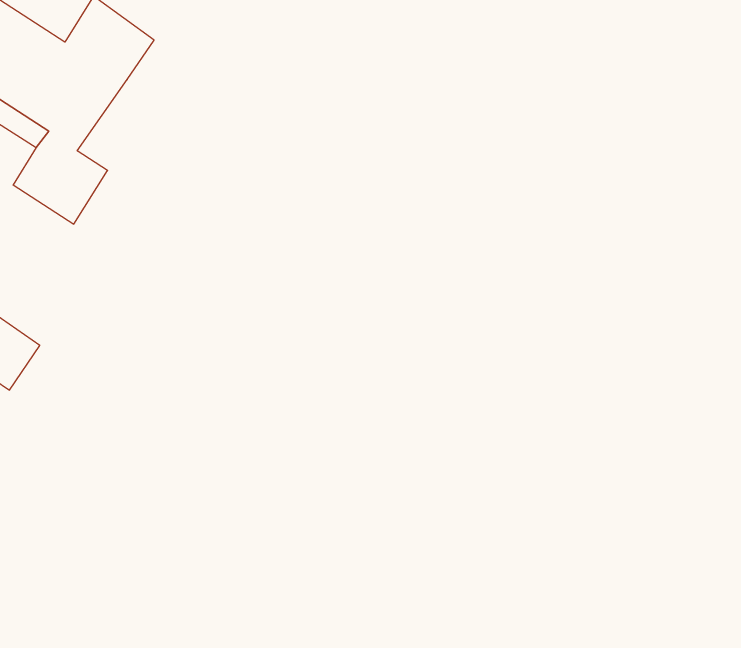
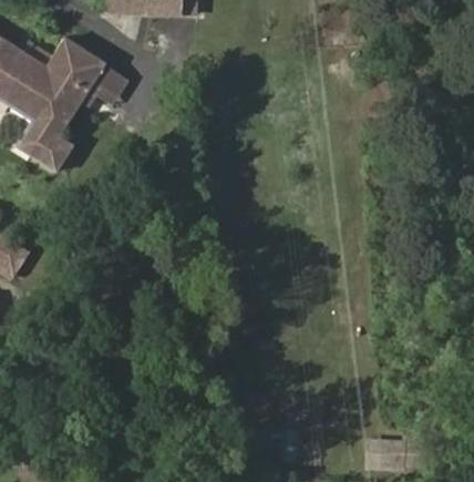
building: none -> [89,61,132,103]

